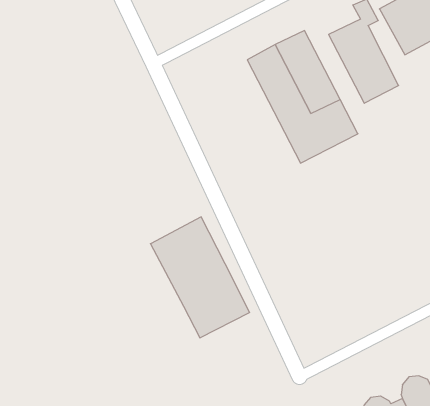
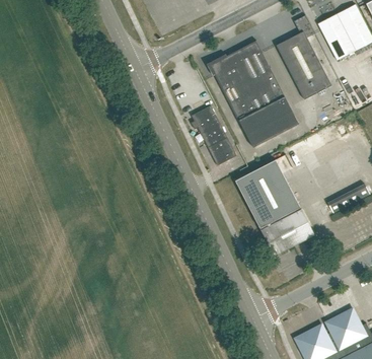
building: none -> [193,105,235,163]
building: [150,217,250,338] -> [235,158,314,255]

